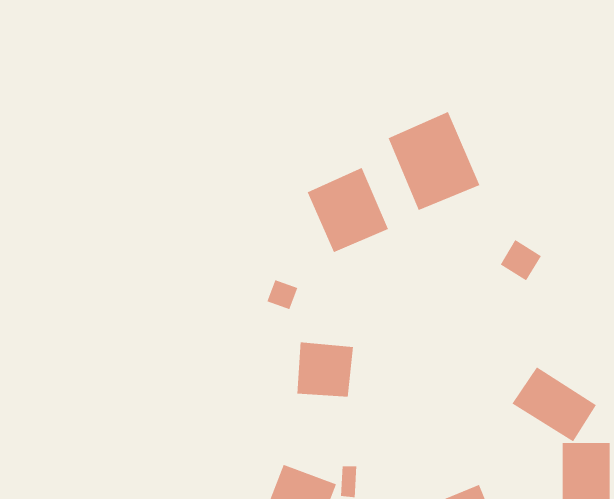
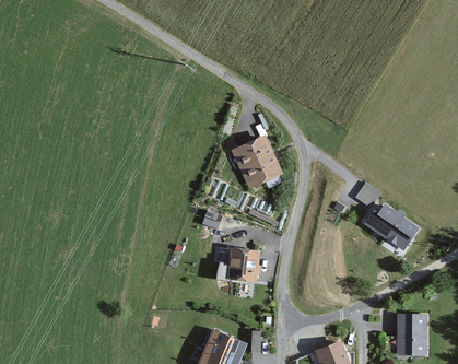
building: [388,111,480,211] -> none
building: [511,367,597,442] -> [363,202,419,251]

